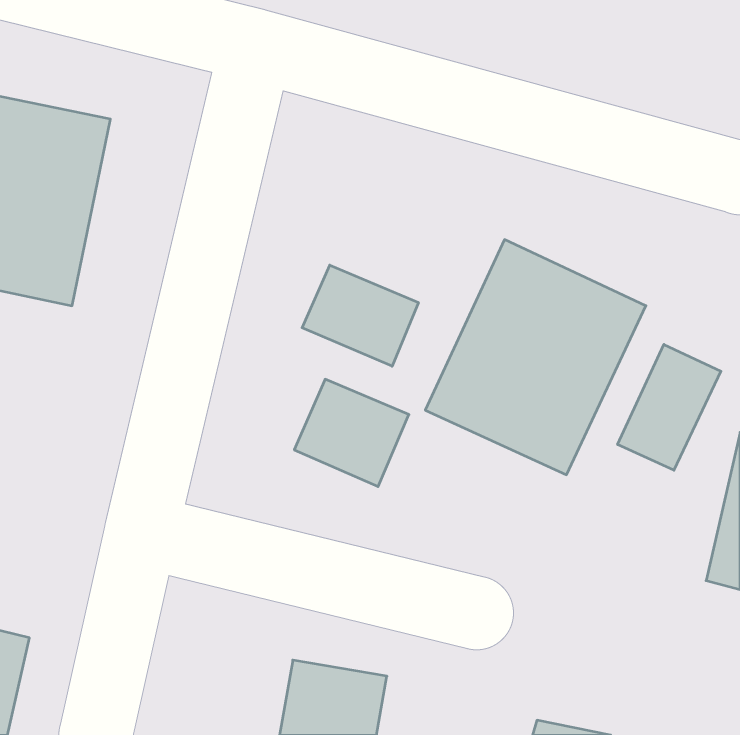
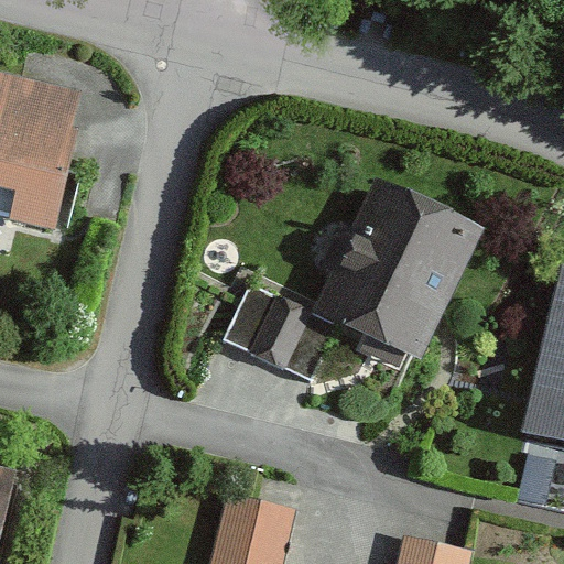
building: [302,265,418,366] -> none
building: [618,344,721,470] -> none

